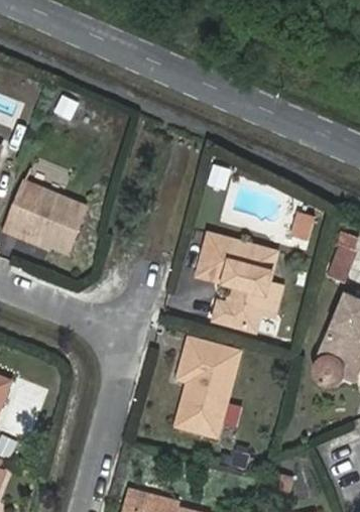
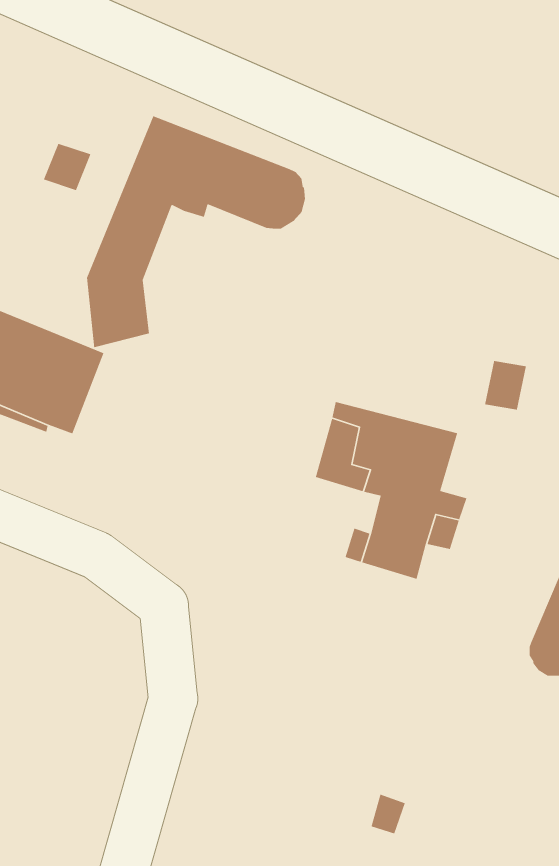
building: none -> [86,115,306,348]
building: [176,339,239,435] -> none

